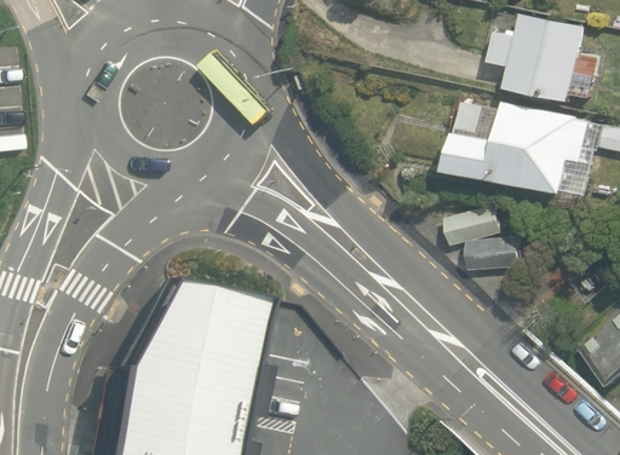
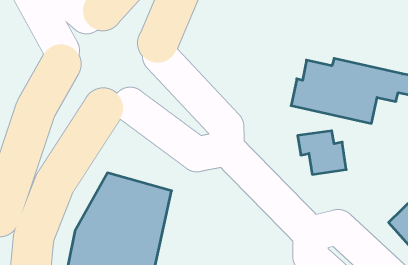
building: [512,19,608,105] -> none

